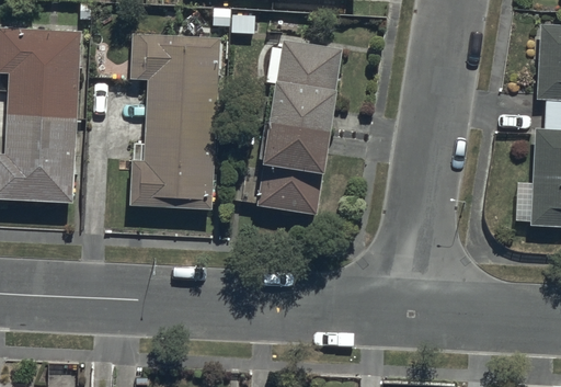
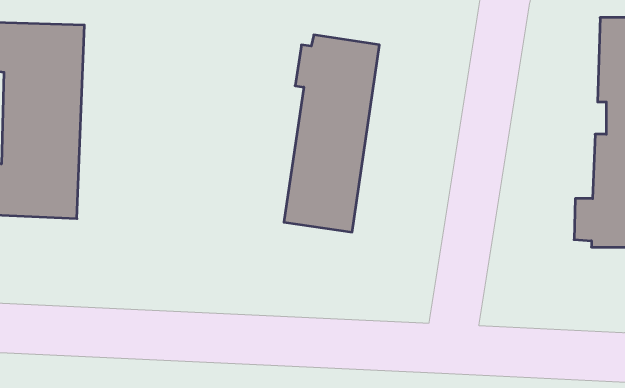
building: [128,35,218,208] -> none

